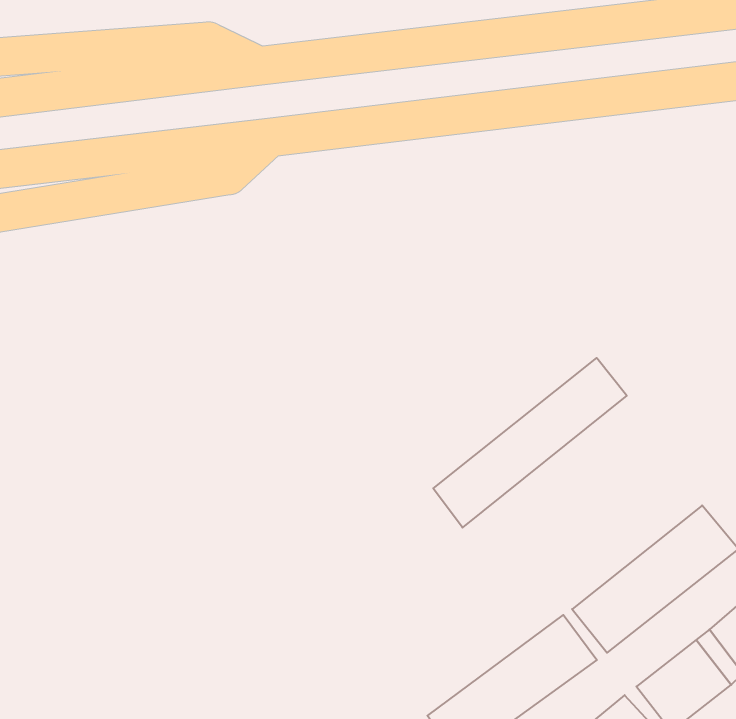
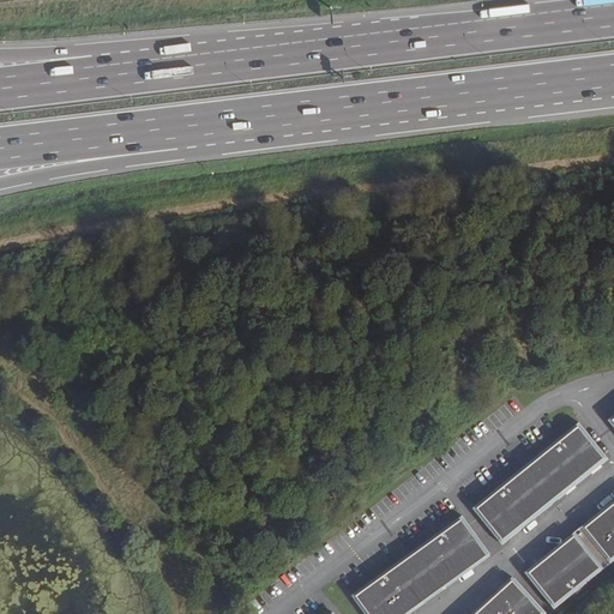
building: [433,358,627,528] -> none

